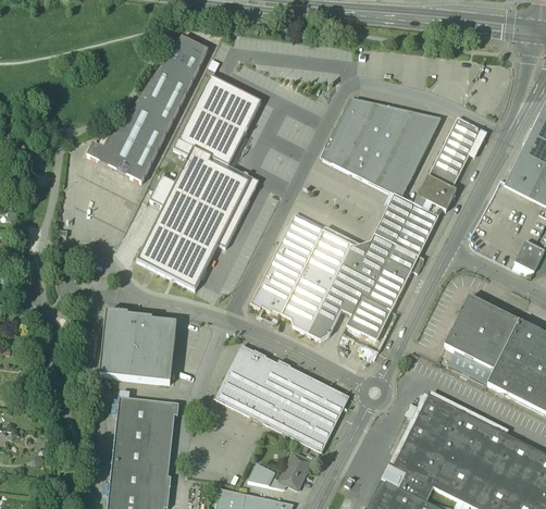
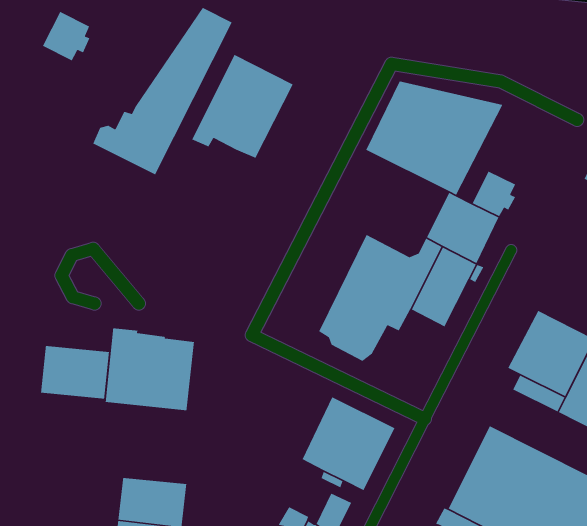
building: none -> [42,11,91,62]
building: [429,116,482,187] -> none
building: [137,148,253,288] -> none
building: [250,220,324,313] -> none
building: [347,295,392,339] -> none
building: [216,346,295,423] -> none
building: [115,397,175,444] -> [40,345,110,400]

